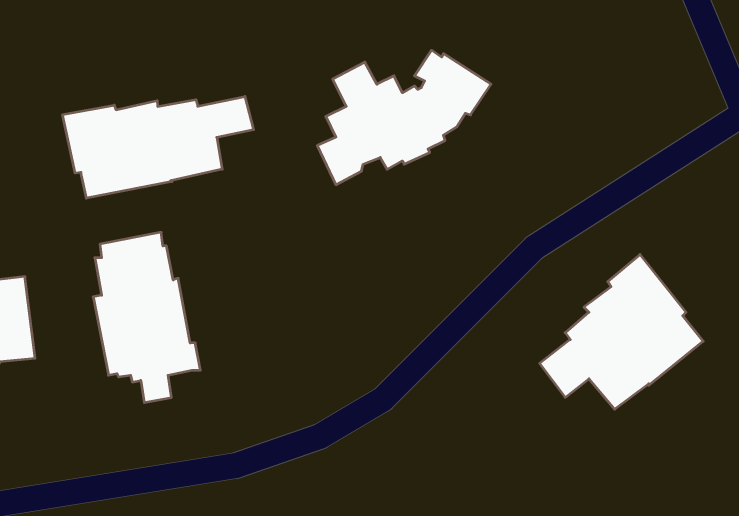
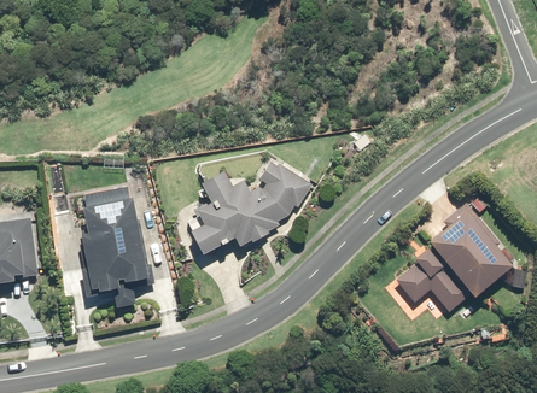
building: [317,50,491,185] -> [188,162,311,257]
building: [63,96,254,198] -> none

